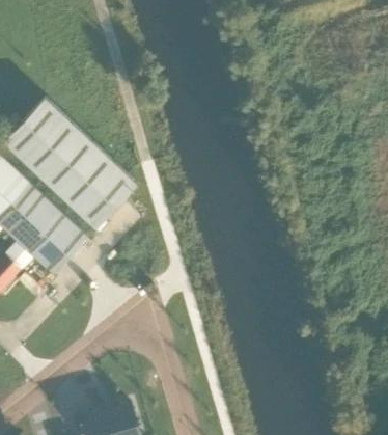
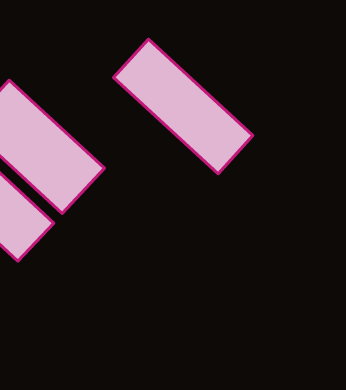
building: none -> [114,39,253,174]

